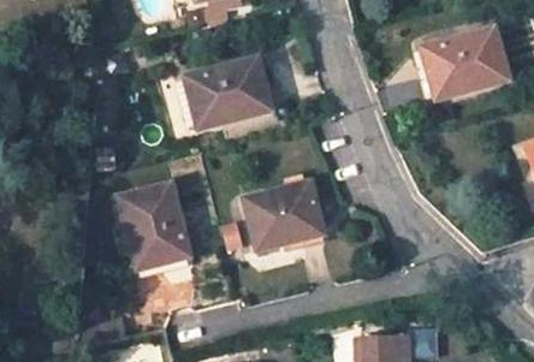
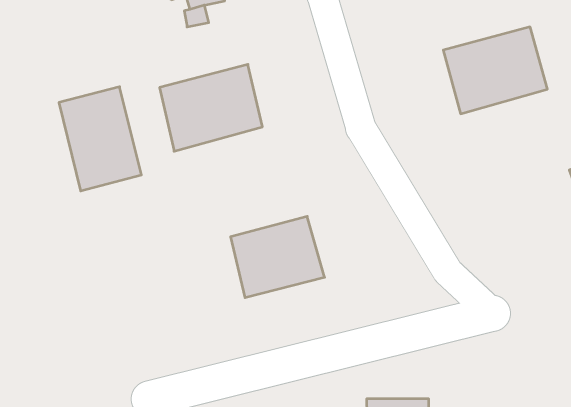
building: [119,184,188,271] -> [59,87,141,191]

